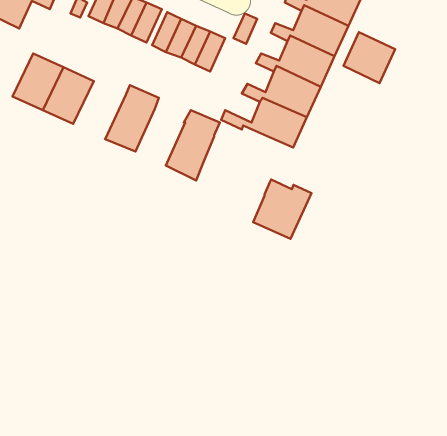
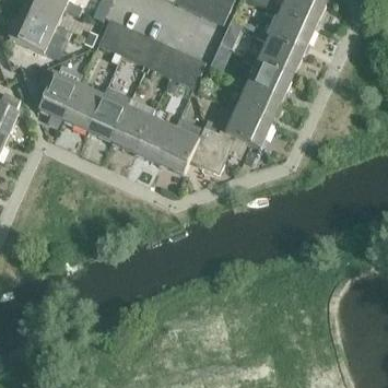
building: [343,32,395,83] -> none
building: none -> [85,85,130,140]
building: none -> [134,116,174,161]
building: [253,179,311,239] -> [188,125,234,172]

